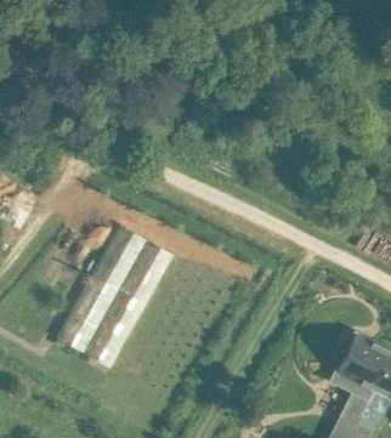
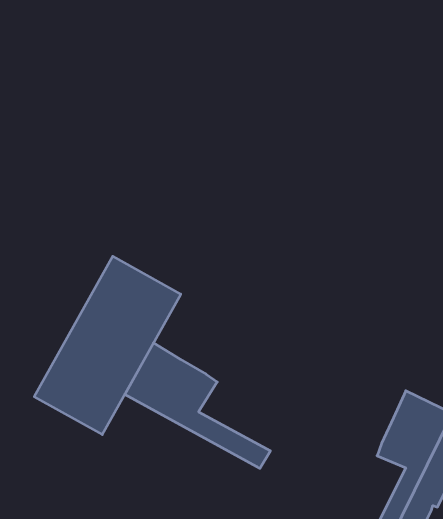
building: none -> [125,343,270,468]

